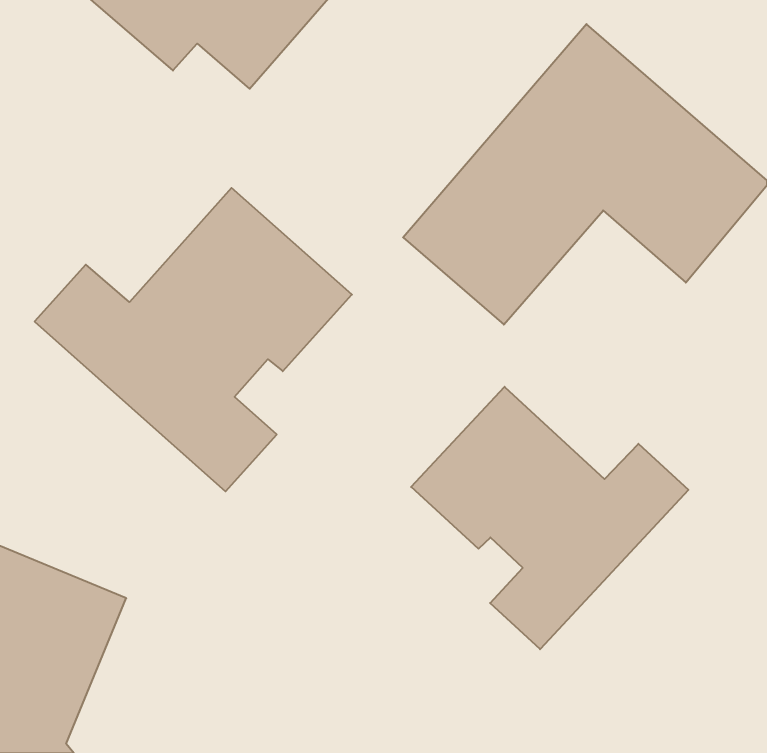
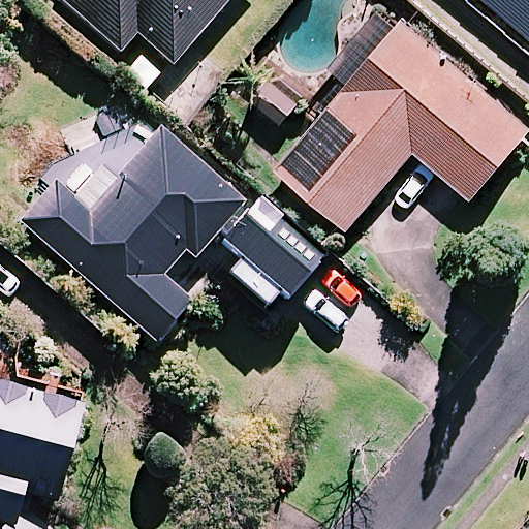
building: none -> [220,216,321,306]
building: [411,387,688,649] -> none

